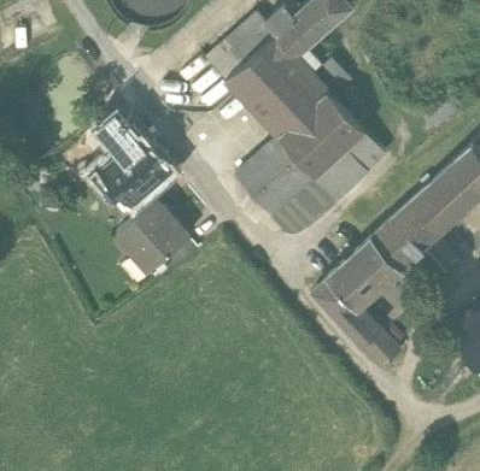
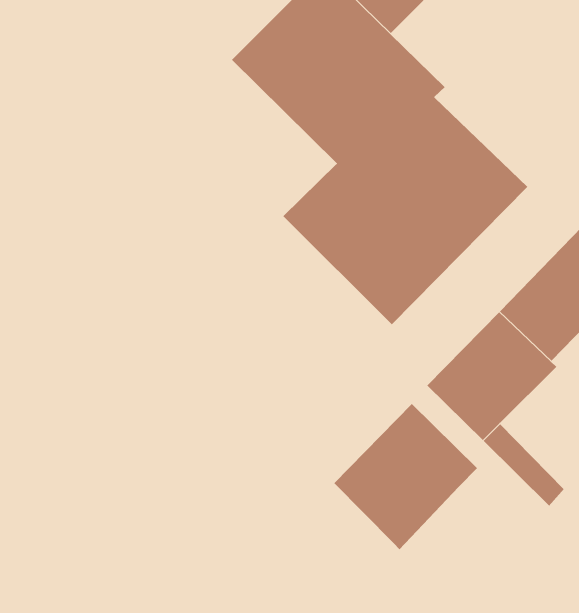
building: [98,116,178,207] -> none
building: [117,201,192,276] -> none
building: none -> [333,403,478,550]

